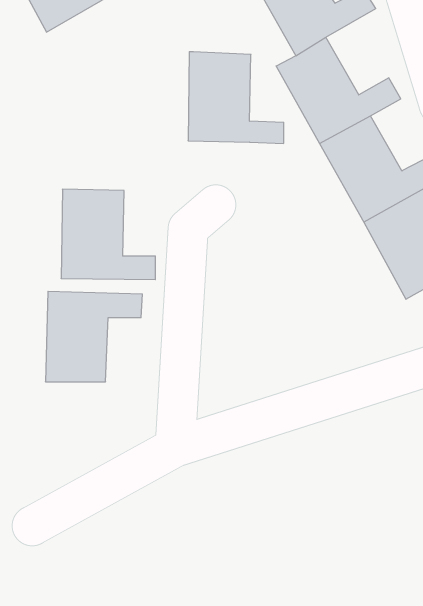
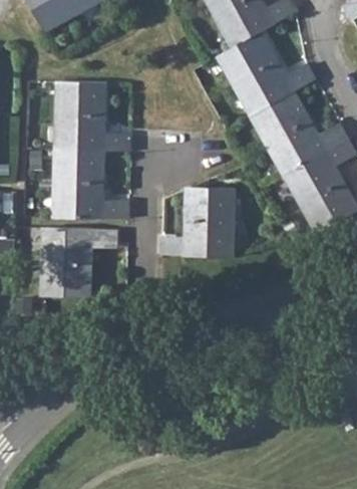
building: [188,52,284,143] -> [55,80,128,151]
building: none -> [159,188,234,256]

